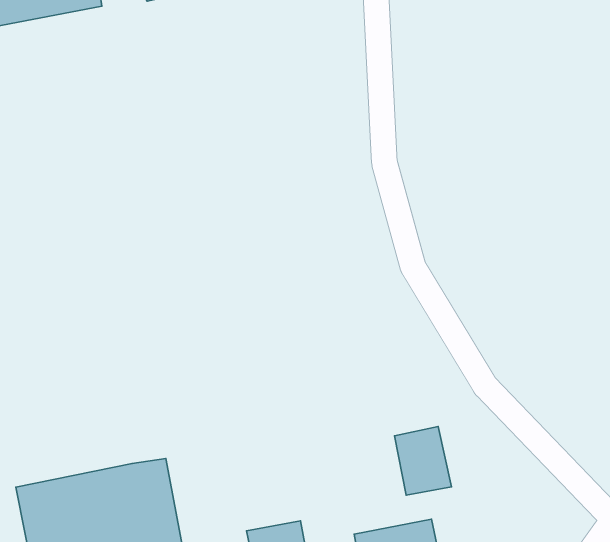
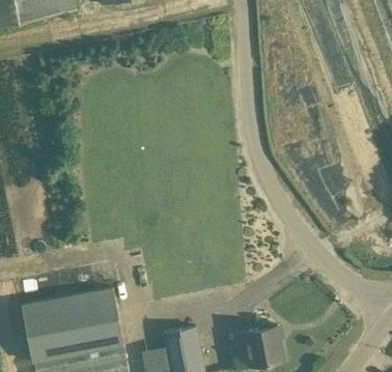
building: [395,427,452,495] -> none

